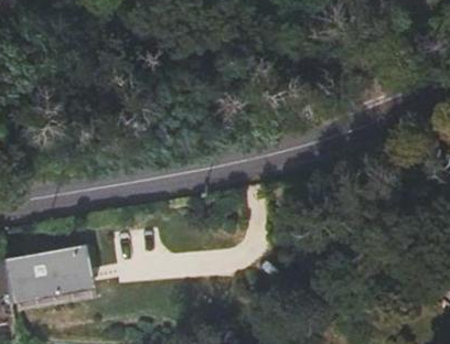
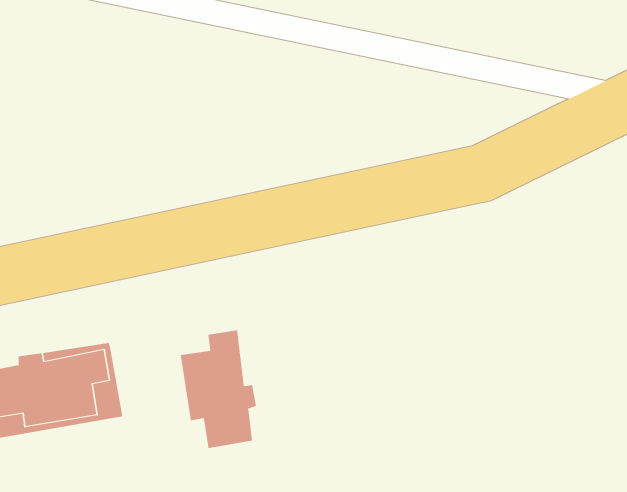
building: none -> [180,329,256,449]

